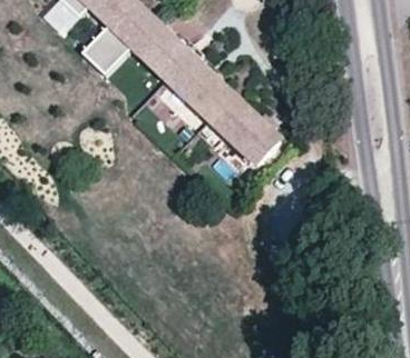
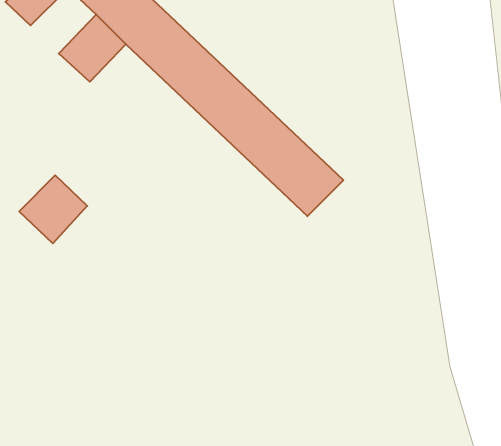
building: none -> [19,175,87,243]

